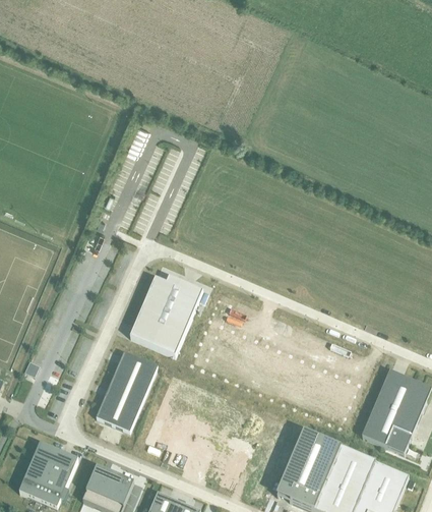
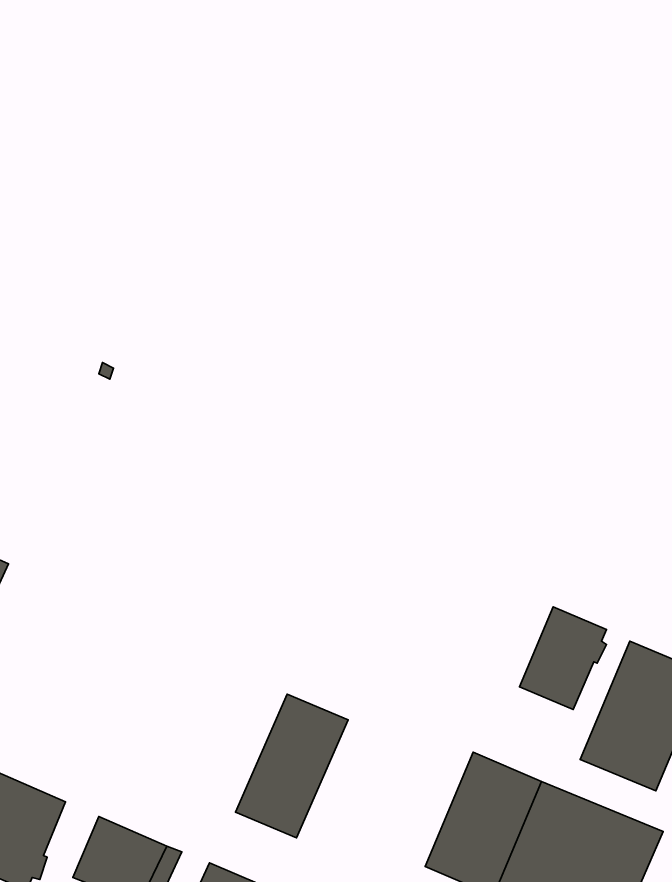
building: [130,276,203,356] -> none
building: none -> [520,607,607,710]
building: [96,352,158,432] -> [236,694,348,838]

